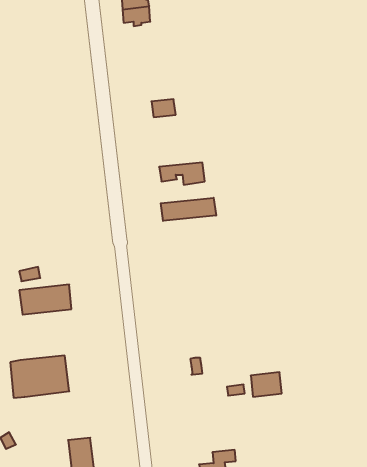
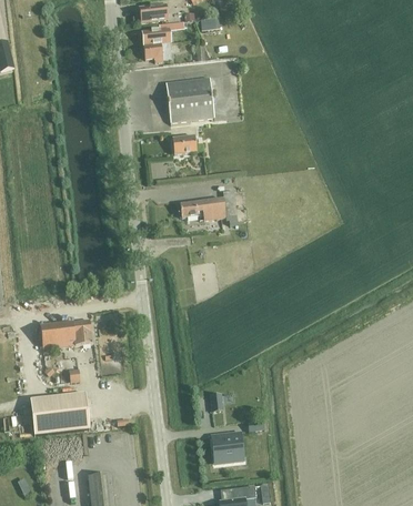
building: none -> [164,78,213,122]
building: [161,198,216,221] -> none
building: [251,372,282,397] -> [211,432,242,456]

